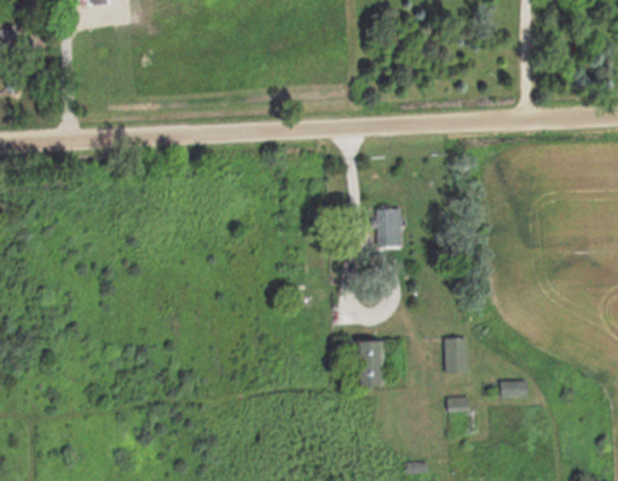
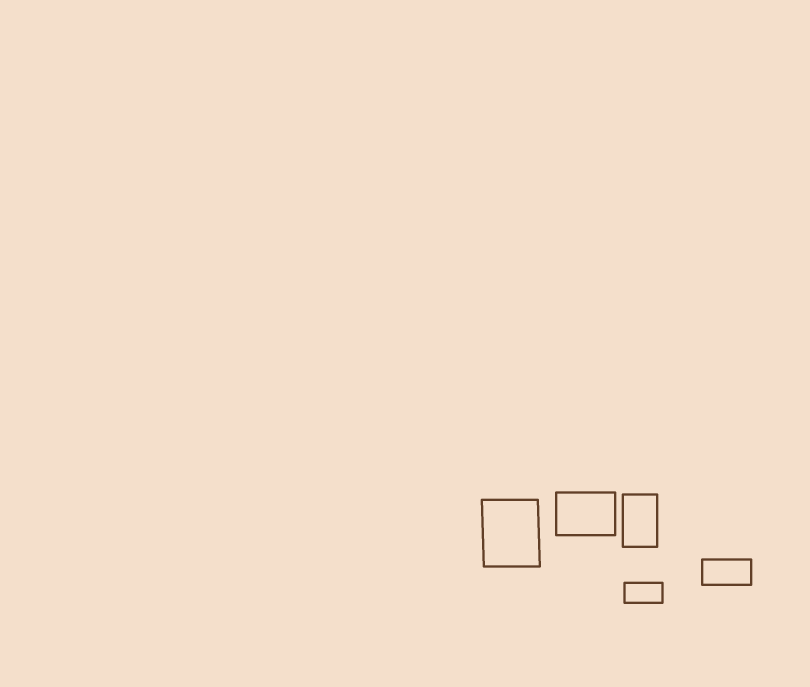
building: [376,209,403,239] -> none
building: none -> [556,492,615,535]

